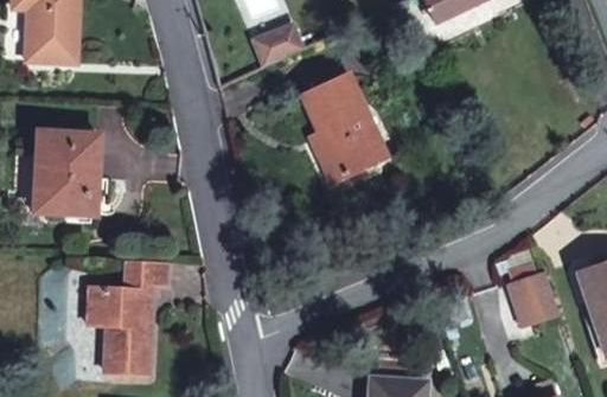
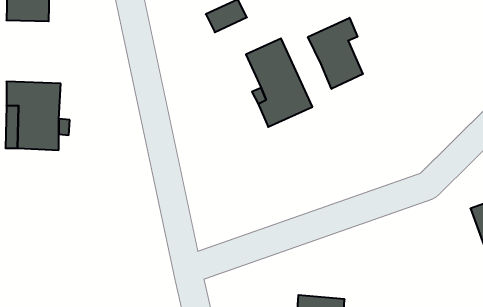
building: none -> [308,18,363,89]
building: [82,250,159,365] -> none
building: [512,278,561,329] -> none

